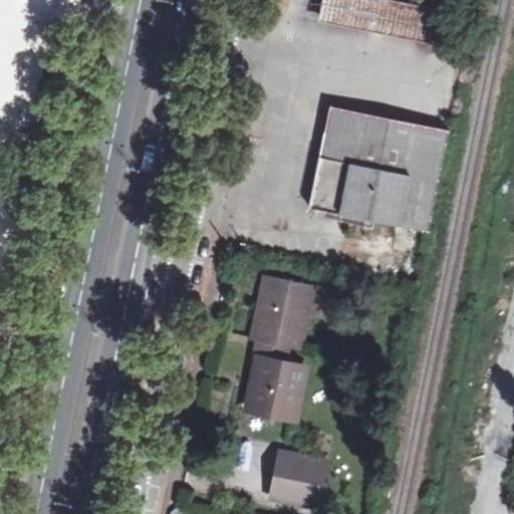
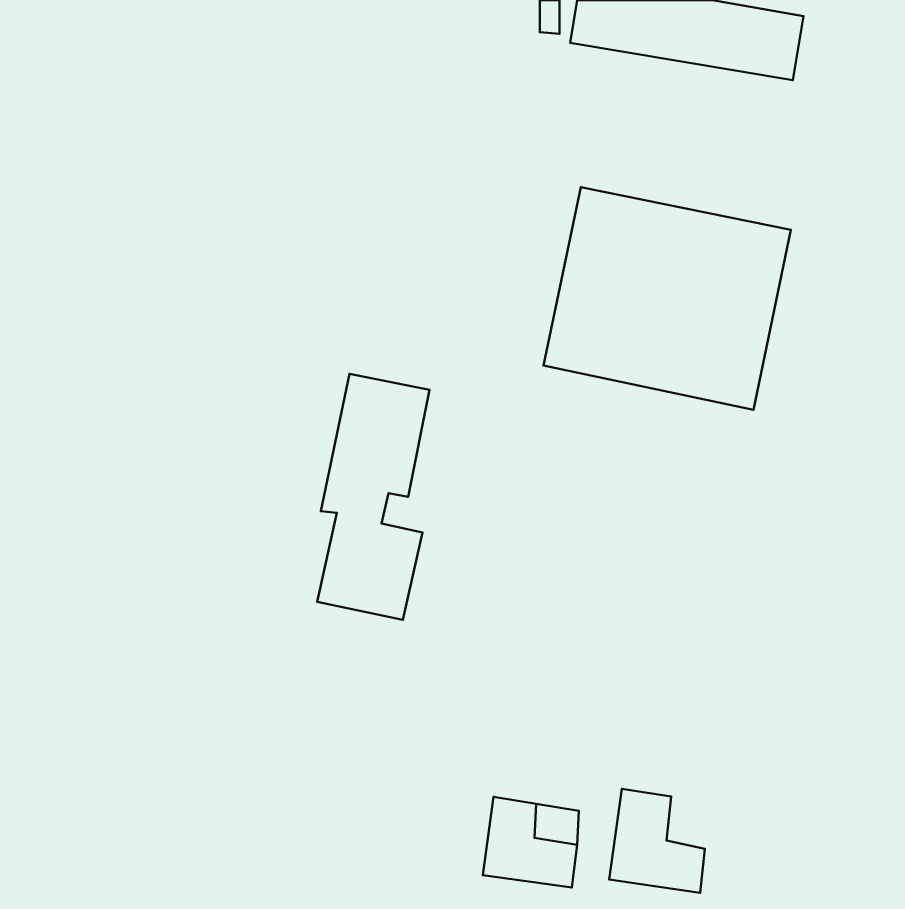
building: [245,278,308,417] -> [317,374,430,620]
building: none -> [609,789,705,893]

